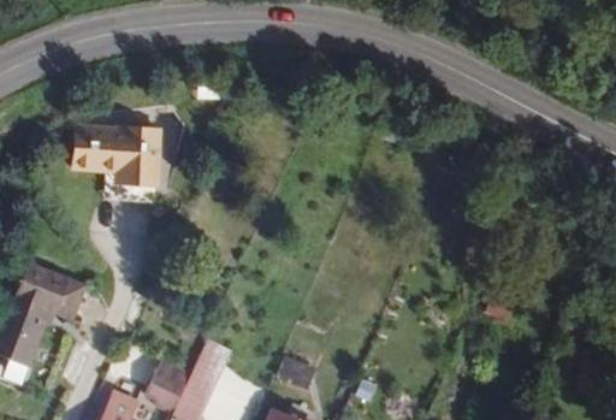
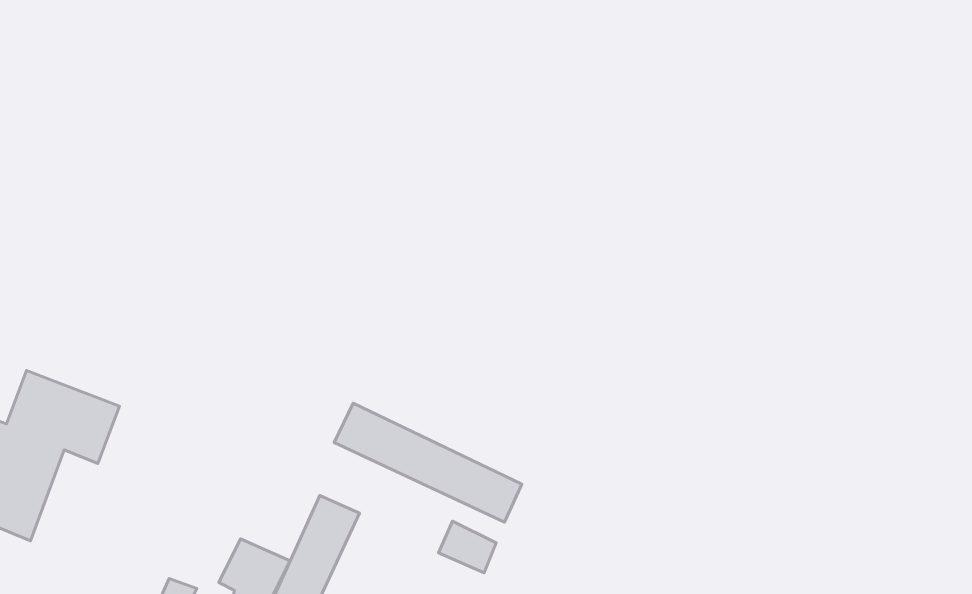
building: [70,120,160,187] -> none
building: none -> [334,403,522,522]

